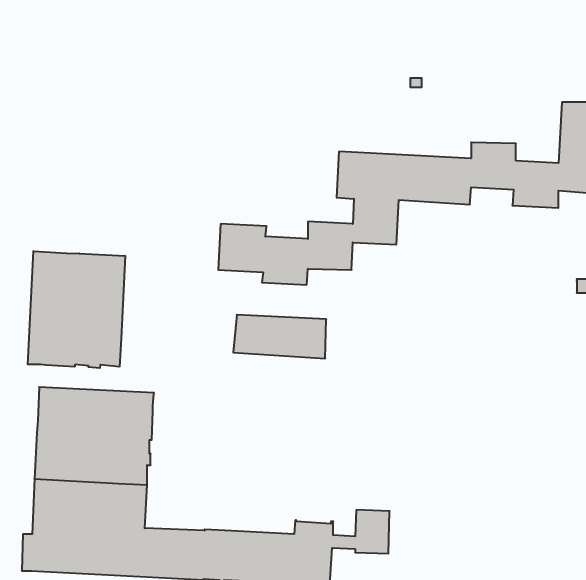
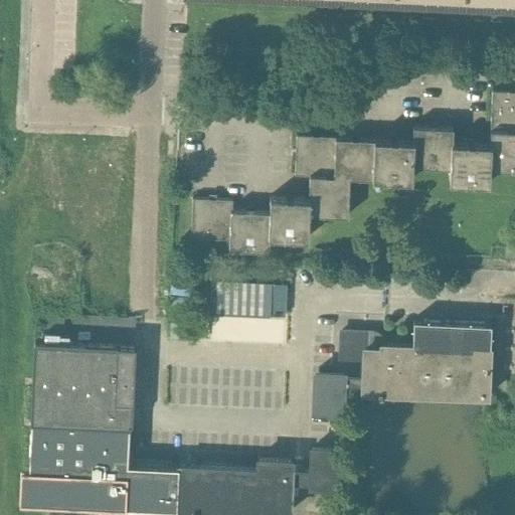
building: [28,251,125,368] -> none
building: none -> [314,324,492,414]

